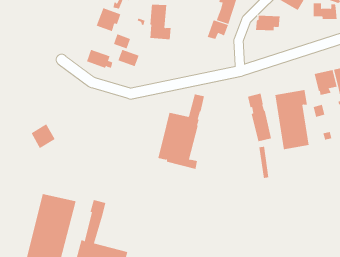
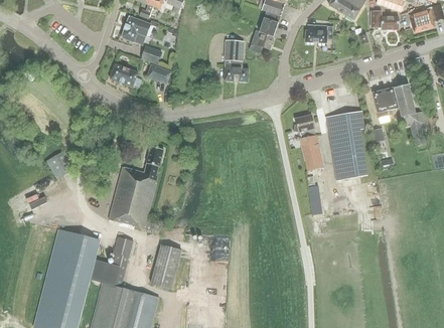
building: [150,4,171,40] -> [224,40,249,81]
building: [157,94,205,170] -> [109,145,163,232]
building: none -> [150,243,181,288]

